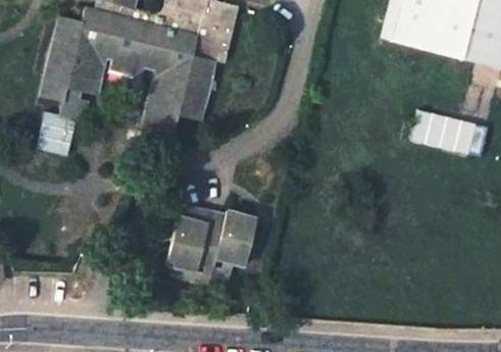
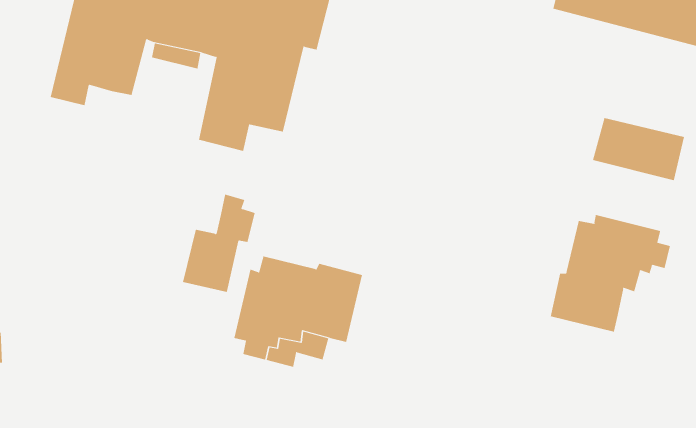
building: [37,89,88,157] -> [182,194,255,292]
building: none -> [550,214,670,333]

